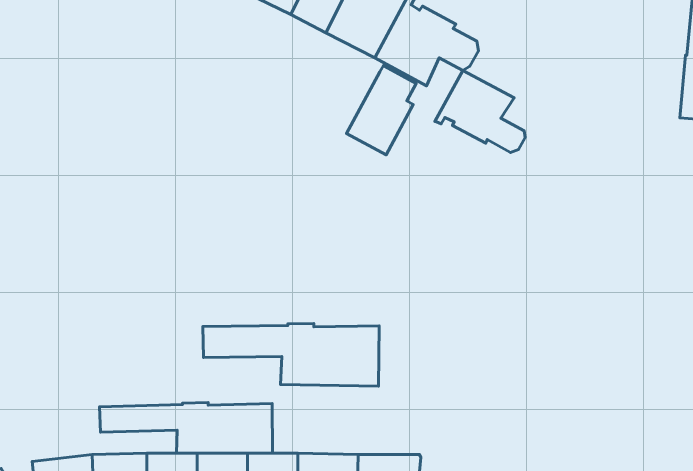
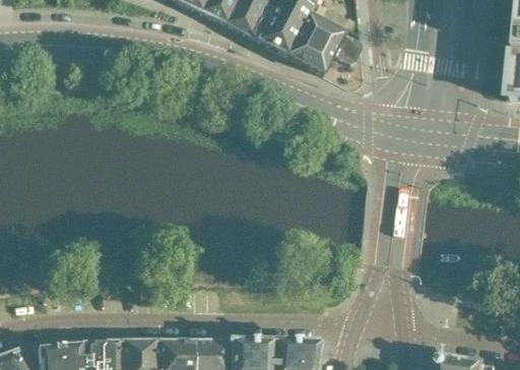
building: [347,63,416,155] -> none
building: [435,70,525,152] -> none
building: [203,324,379,386] -> none
building: [99,403,273,453] -> none

